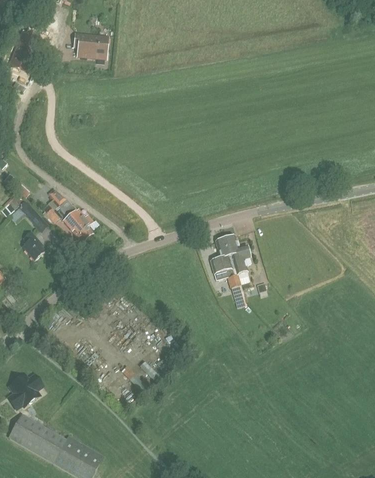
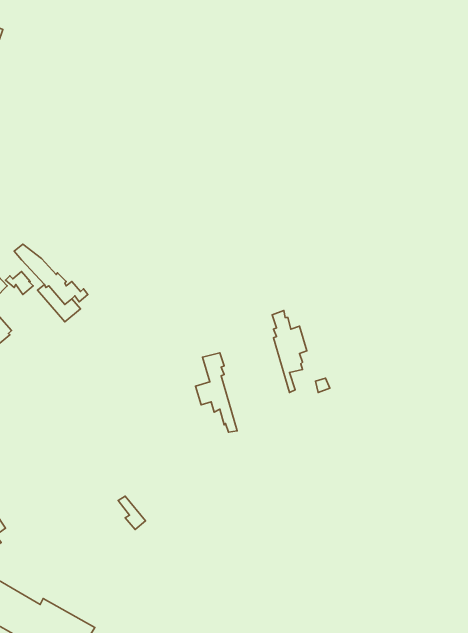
building: [73,33,107,60] -> none
building: [209,237,238,292] -> [195,353,237,432]

